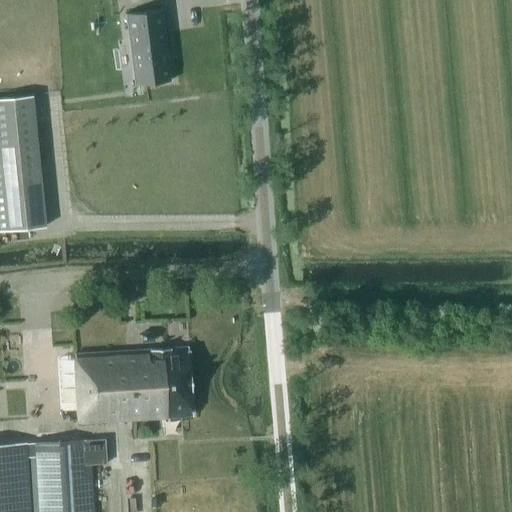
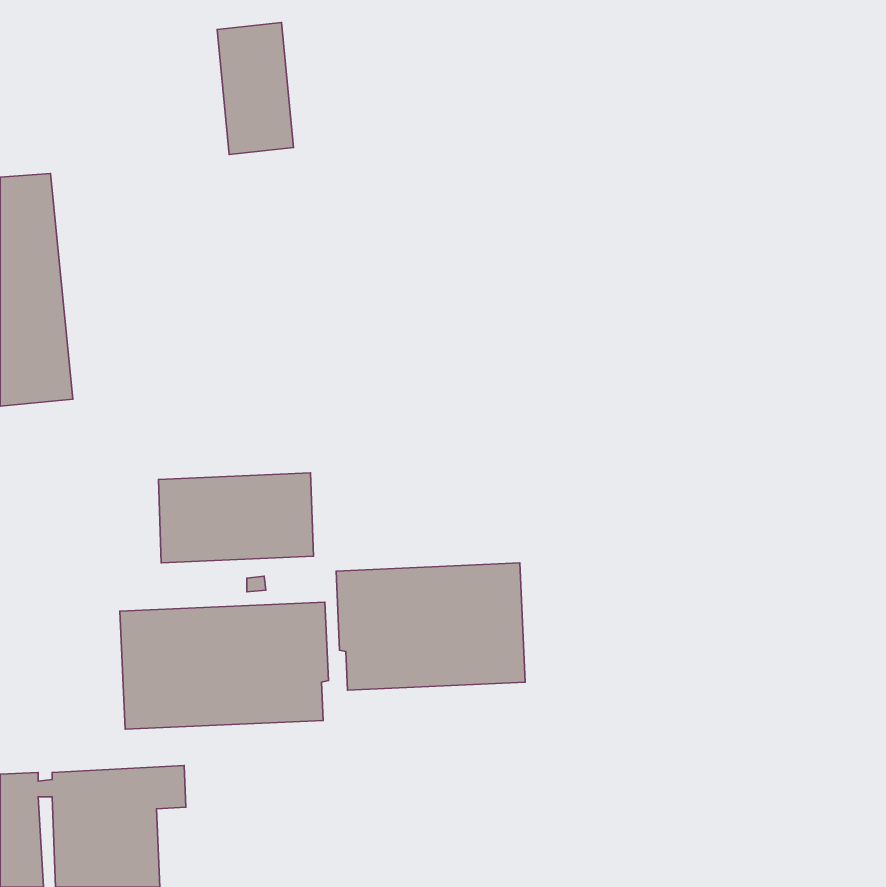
building: none -> [158,473,313,563]
building: none -> [336,563,525,690]

